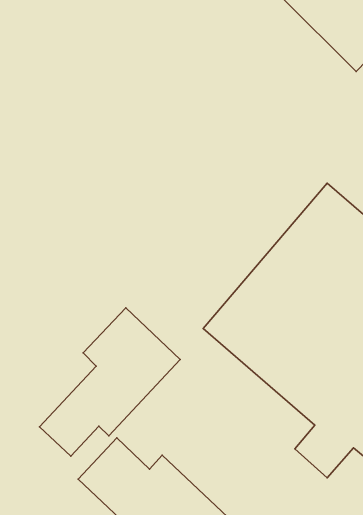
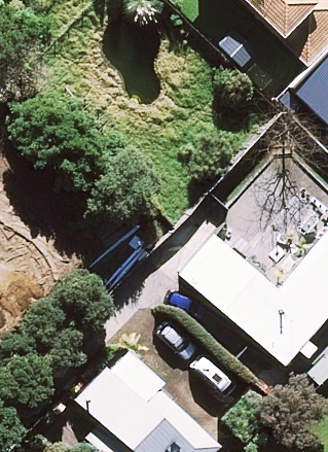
building: [40,308,180,456] -> none

